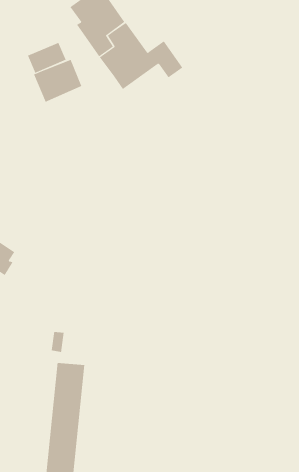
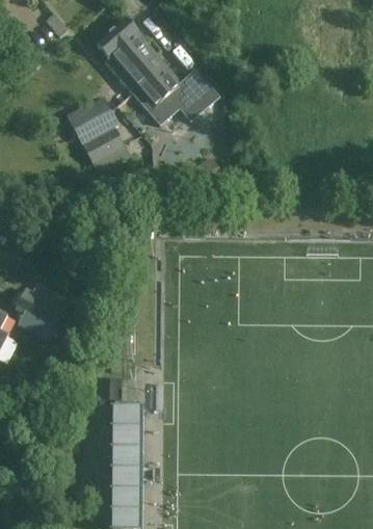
building: [27,42,67,73] -> [82,128,123,162]

